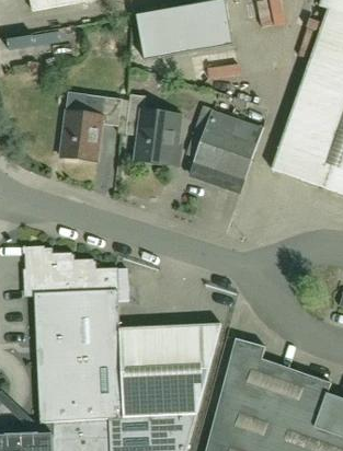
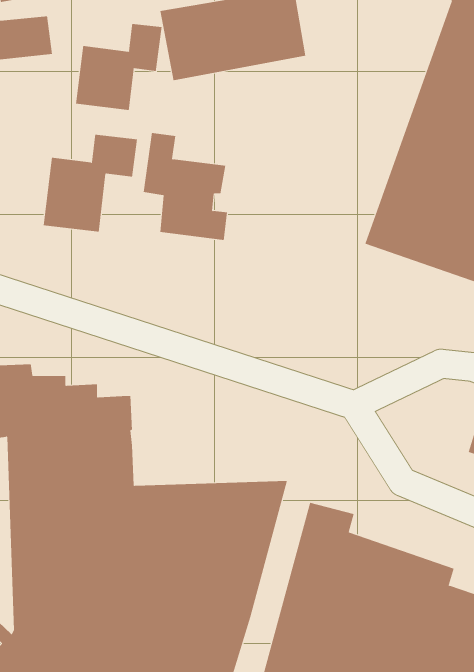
building: none -> [75,23,162,111]
building: [186,104,262,194] -> none

